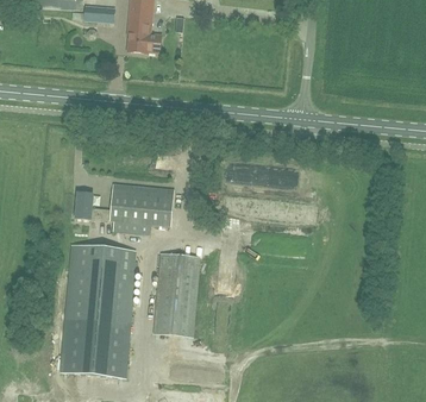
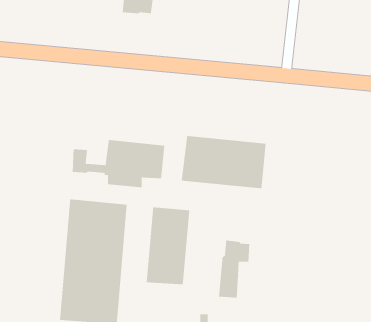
building: none -> [181,135,267,189]
building: none -> [218,240,250,299]

